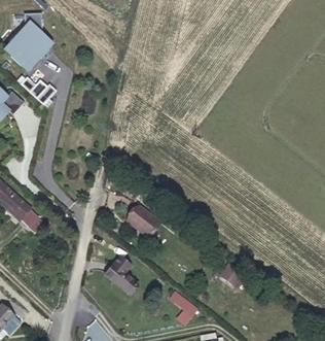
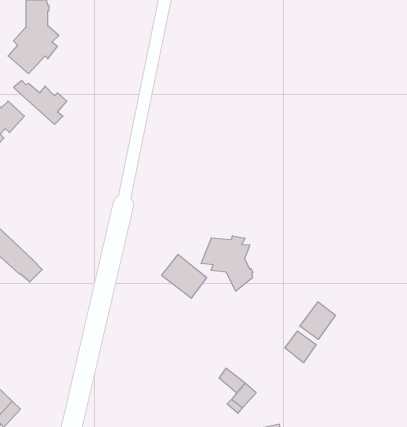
building: none -> [201,236,253,291]
building: none -> [300,302,335,339]
building: [105,255,137,292] -> none

